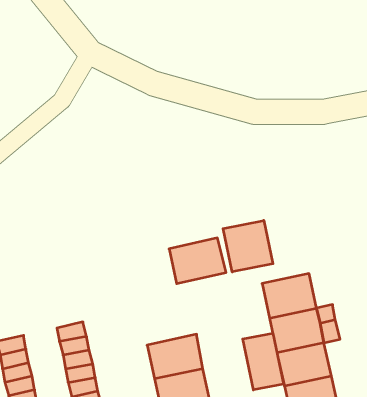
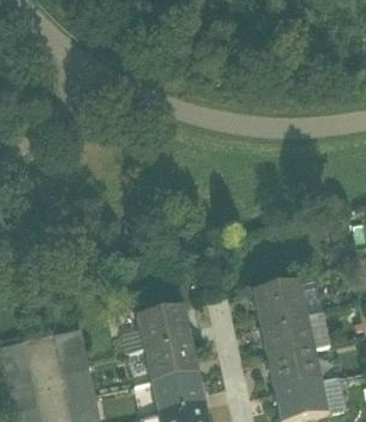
building: [223,220,273,272] -> none
building: [169,238,226,284] -> [135,306,190,349]
building: [243,333,284,390] -> none

